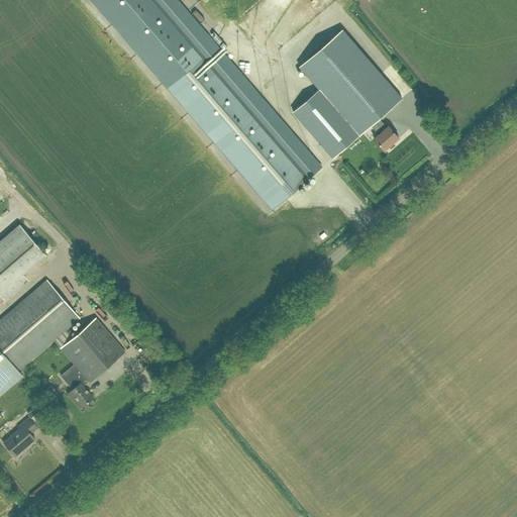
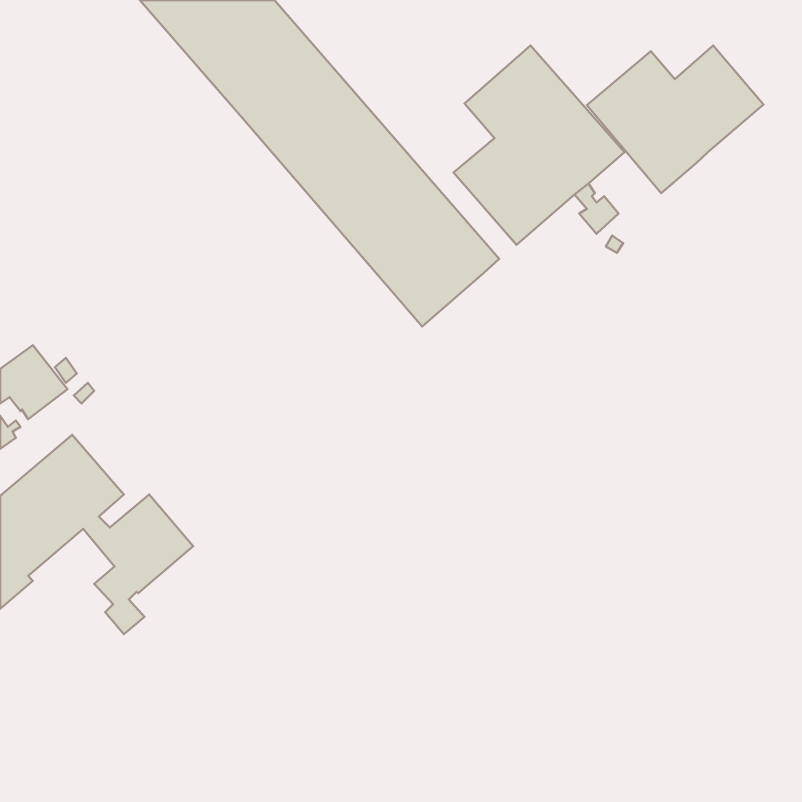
building: none -> [587,46,764,193]
building: [4,417,37,455] -> none

